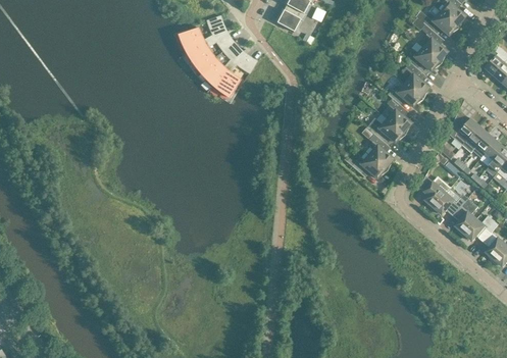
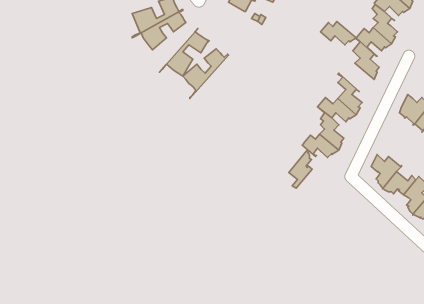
building: [200,43,246,93] -> [183,49,228,99]
building: [388,84,423,107] -> [321,22,356,45]
building: none -> [289,151,312,188]

